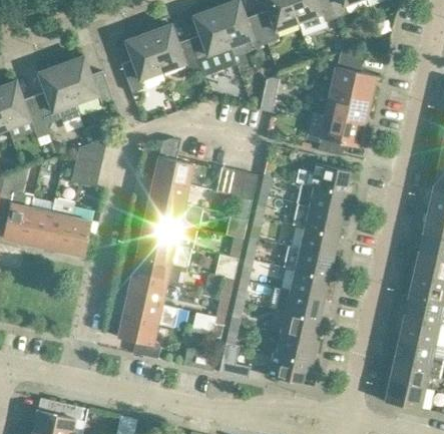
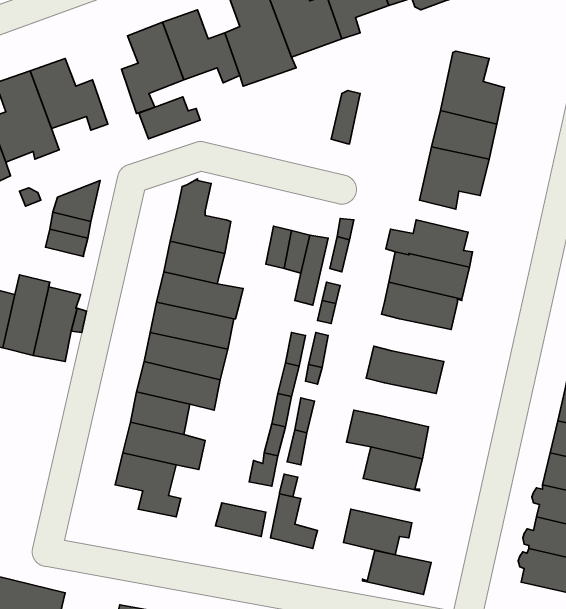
building: none -> [139,97,200,139]
building: [299,228,338,256] -> none
building: [289,270,328,299] -> none
building: [272,333,317,362] -> [363,550,431,594]

